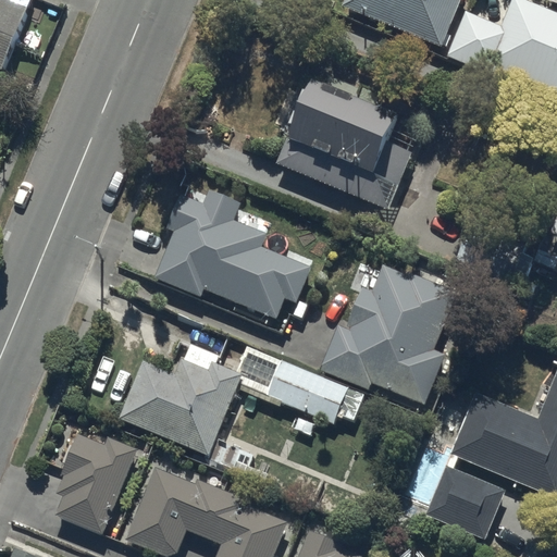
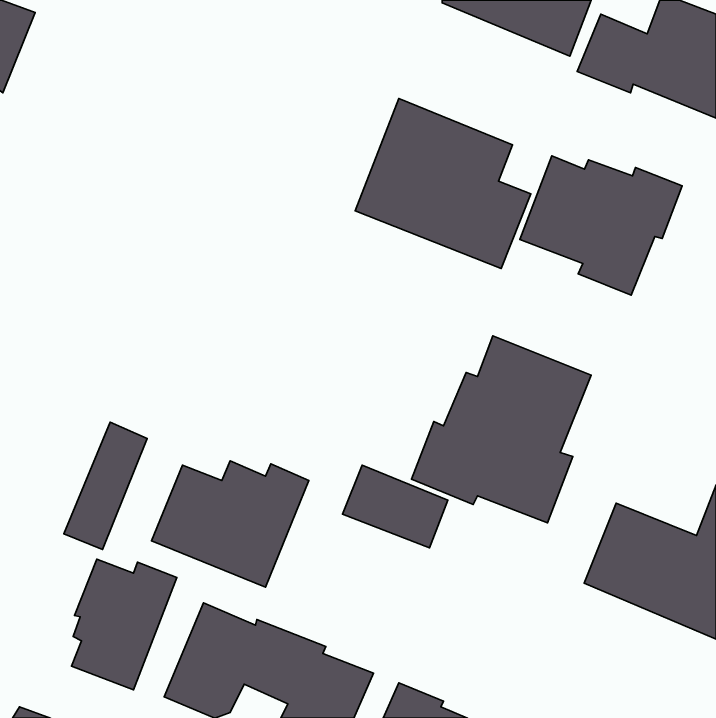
building: none -> [520,156,682,295]
building: [152,188,310,319] -> none
building: none -> [64,422,147,550]
building: [423,463,506,540] -> none

